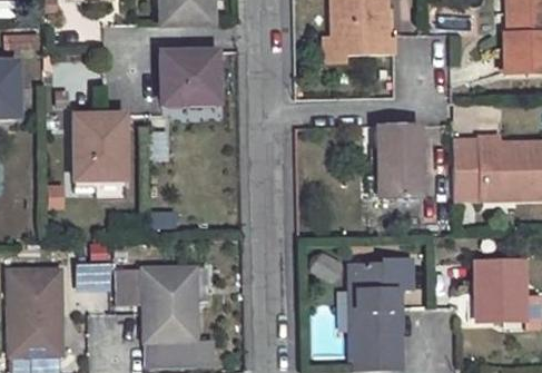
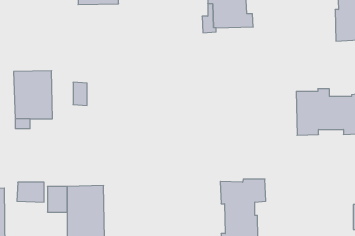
building: [161,50,217,101] -> none
building: [376,125,423,198] -> none
building: [477,261,524,320] -> none

